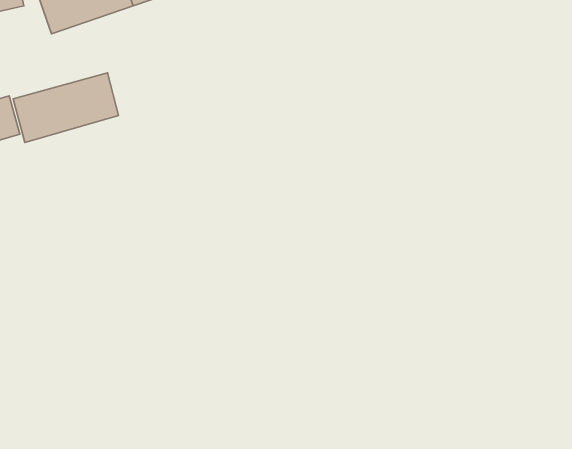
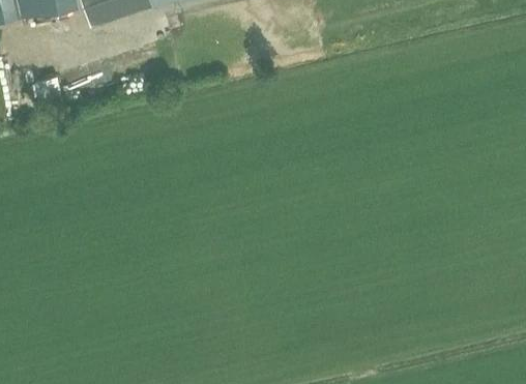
building: [13,73,119,143] -> none

